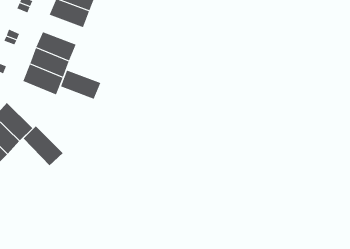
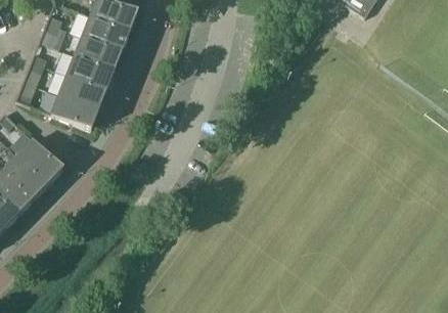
building: [60,70,101,99] -> [74,37,122,72]
building: [23,125,64,166] -> none

